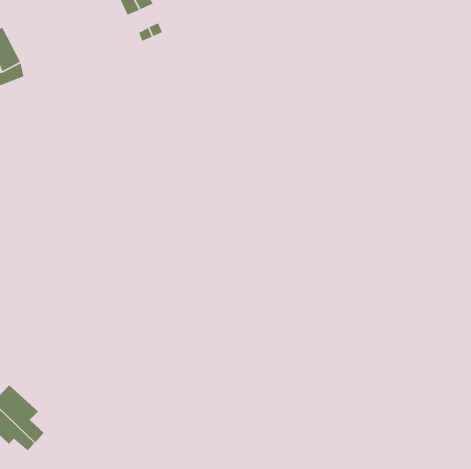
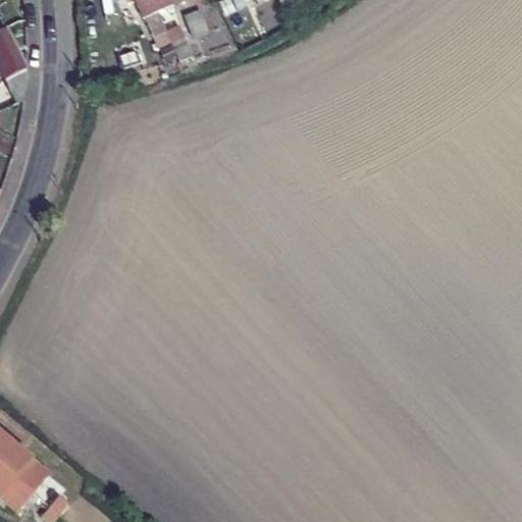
building: none -> [184,4,221,40]

